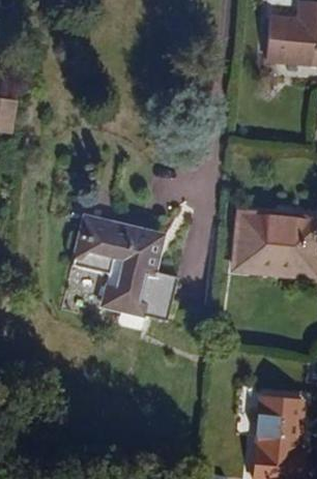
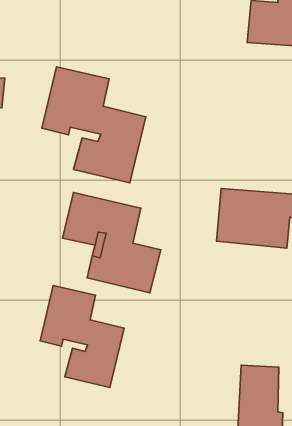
building: none -> [42,67,146,183]
building: none -> [40,286,124,388]

